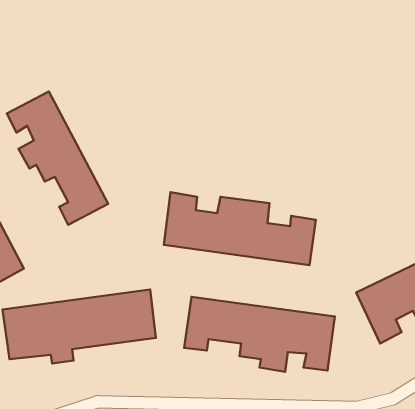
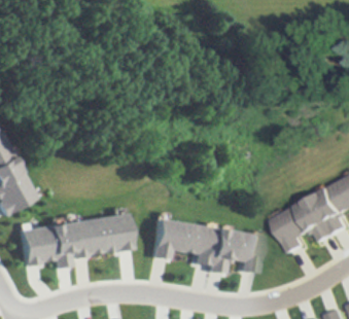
building: [7,92,108,225] -> none
building: [164,192,316,265] -> none

